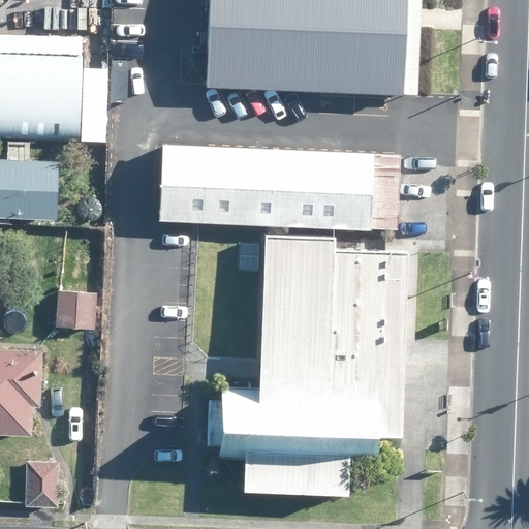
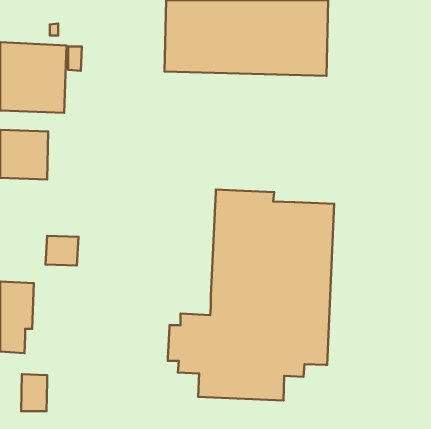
building: [159,144,399,229] -> none

